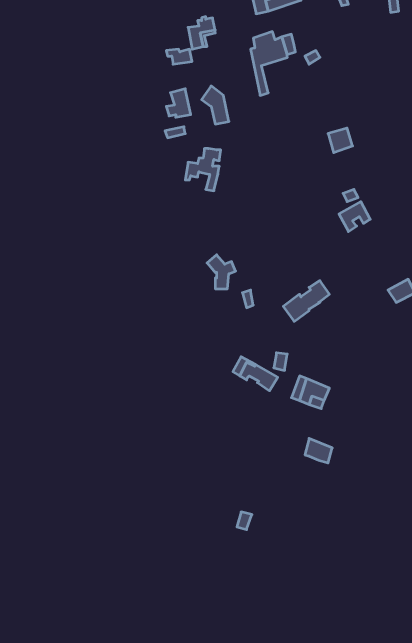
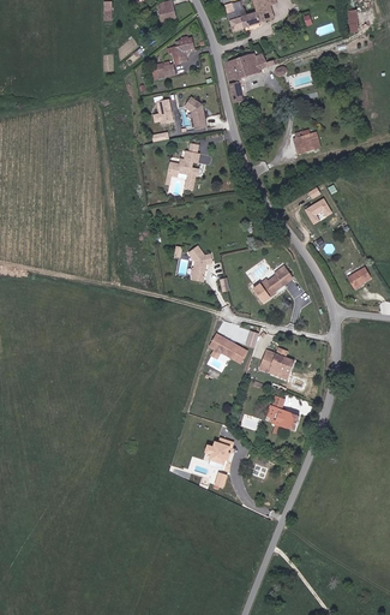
building: none -> [204,436,233,465]

